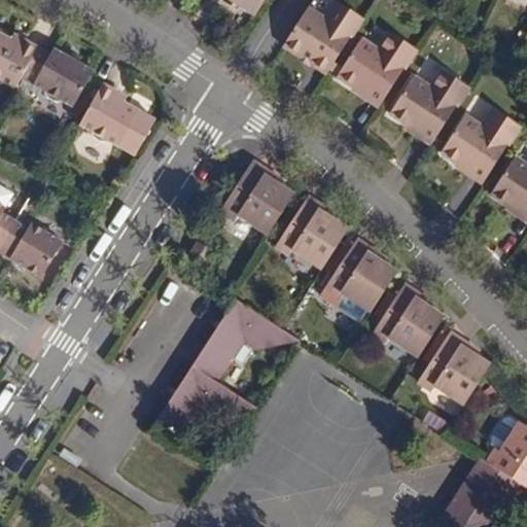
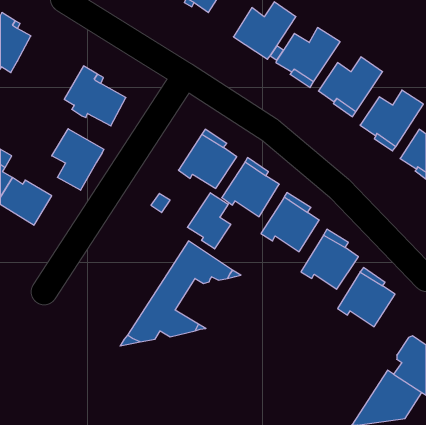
building: [22,44,94,105] -> none
building: none -> [52,129,104,190]
building: none -> [187,193,231,249]

